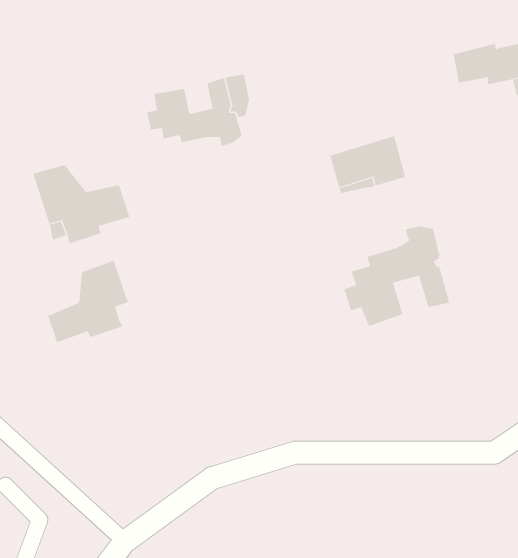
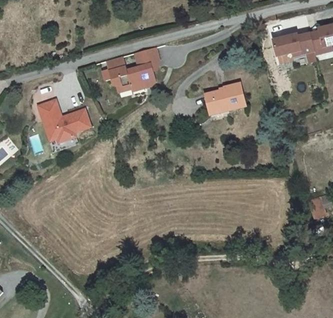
building: [344,225,450,327] -> none
building: [48,260,129,343] -> none

